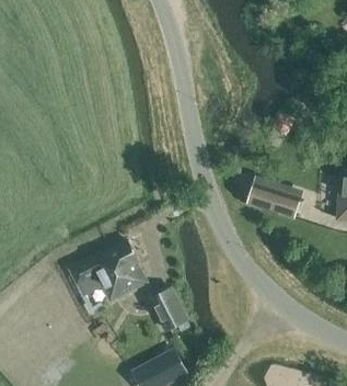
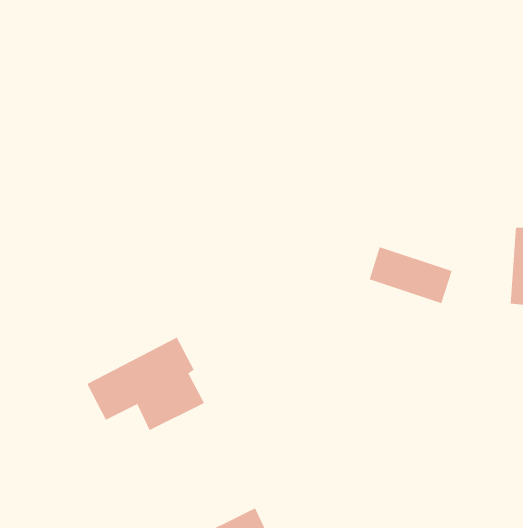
building: [150,288,188,331] -> none

